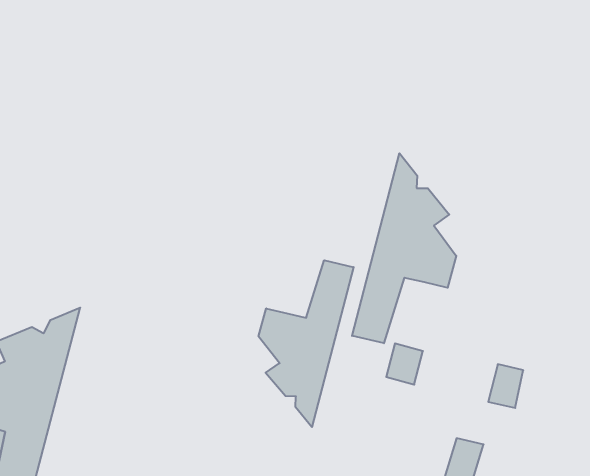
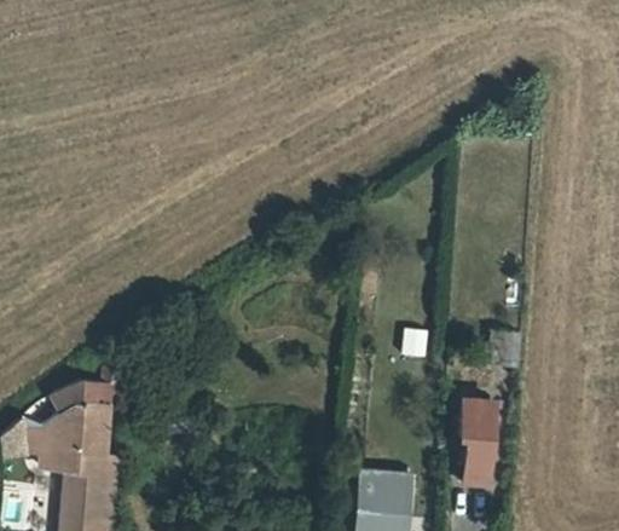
building: [352,153,456,343] -> none
building: [259,260,354,427] -> none

